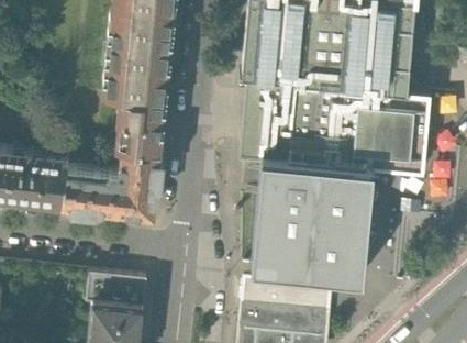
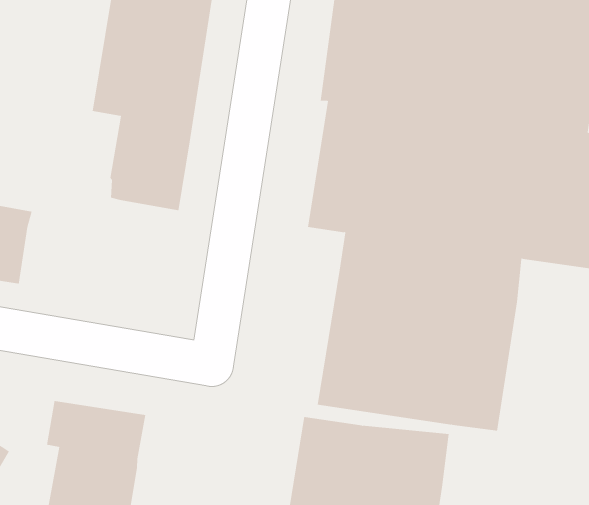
building: [65,148,160,213] -> none

